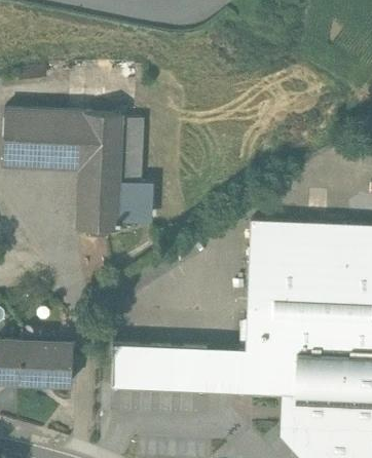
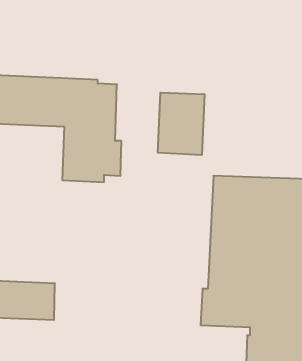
building: none -> [158,93,204,155]
building: [112,345,239,391] -> none

